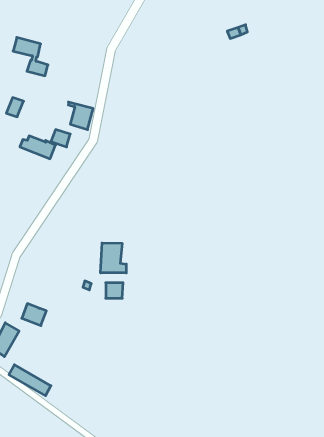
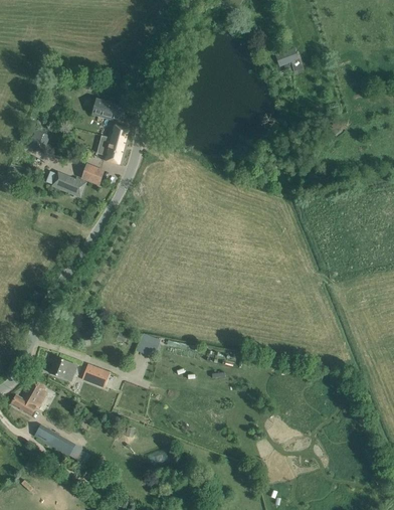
building: [13,37,48,76] -> [91,100,130,142]
building: [101,243,126,273] -> none
building: none -> [80,363,110,388]

